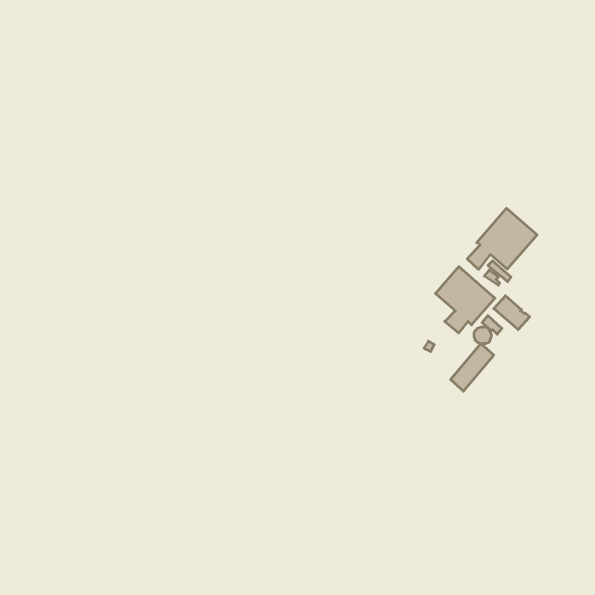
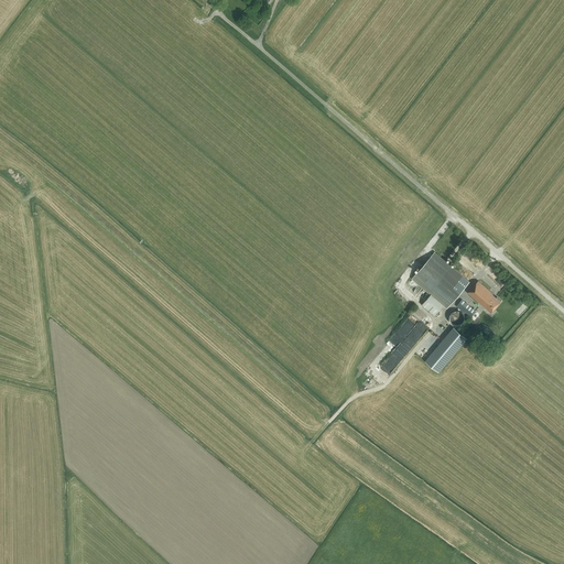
building: [467,208,537,269] -> none

